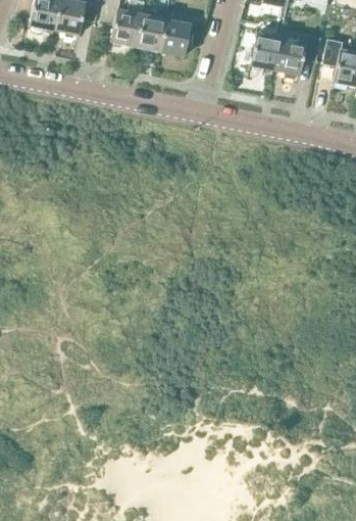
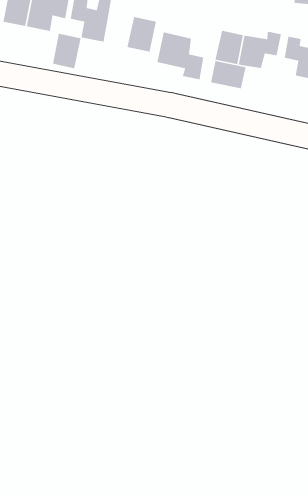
building: [136,12,166,50] -> [52,33,82,69]
building: none -> [157,32,204,80]
building: none -> [210,60,247,89]

